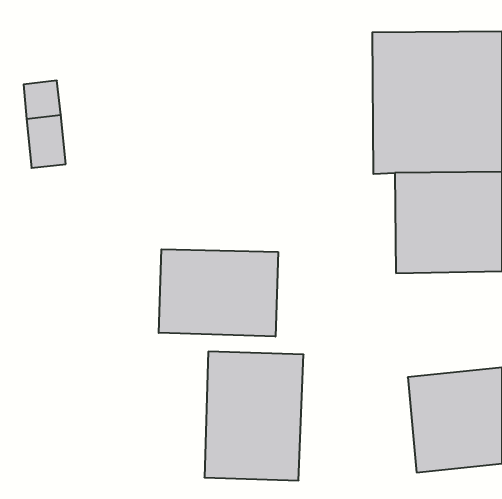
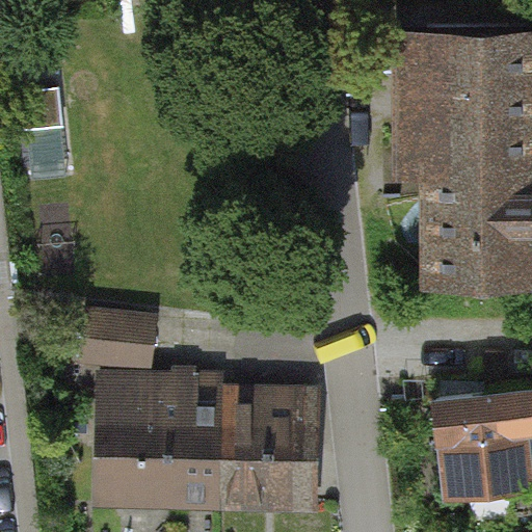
building: [159,249,278,337] -> none
building: none -> [72,313,220,508]

